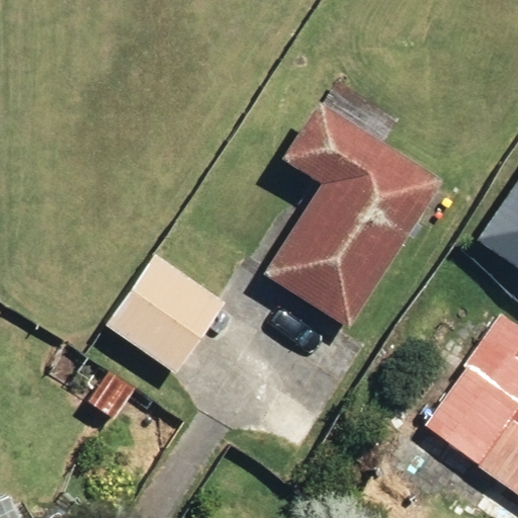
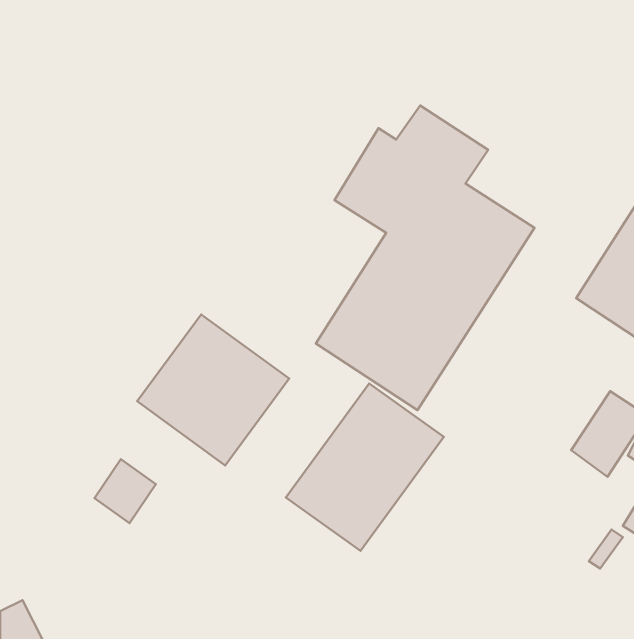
building: none -> [286,383,444,551]

